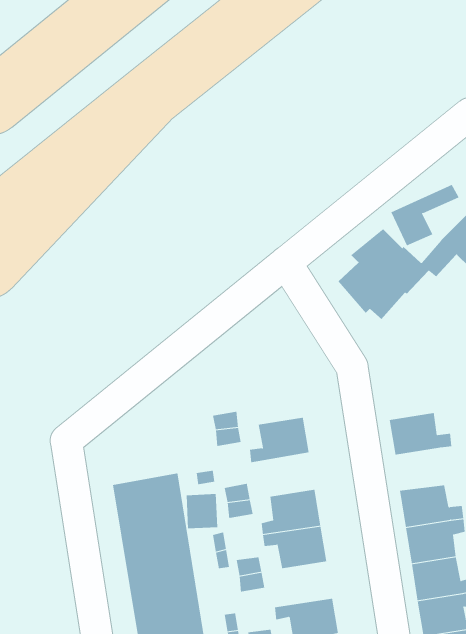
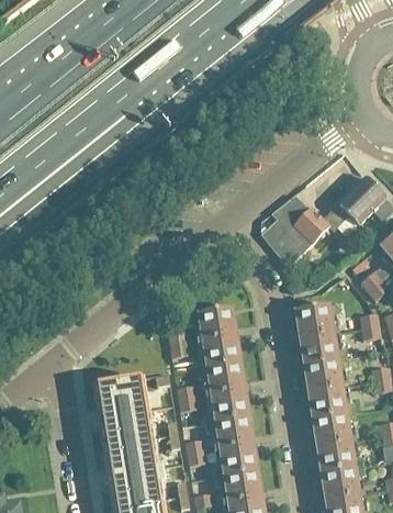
building: none -> [295,304,340,338]
building: none -> [188,308,236,342]
building: none -> [304,358,349,391]
building: none -> [196,363,245,395]
building: none -> [212,444,258,478]

